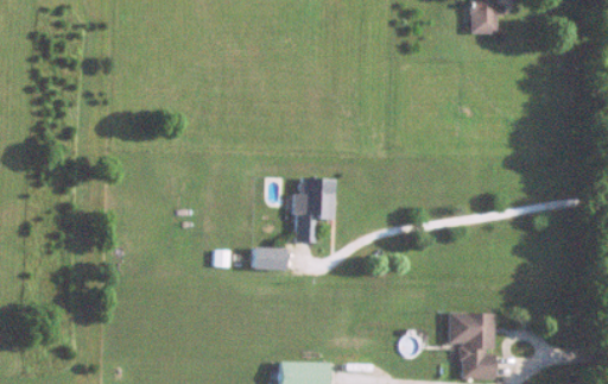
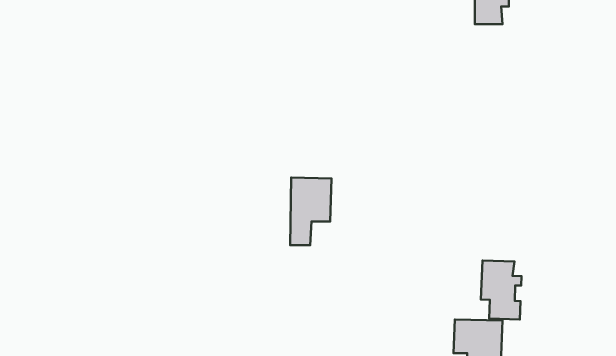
building: [253,248,285,269] -> none
building: none -> [481,260,521,320]

